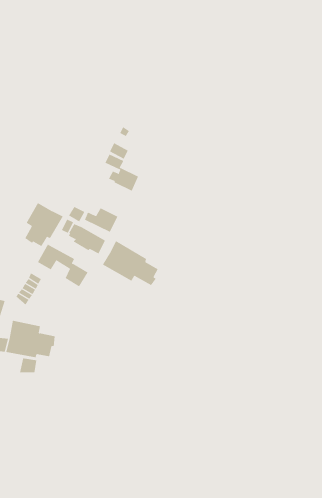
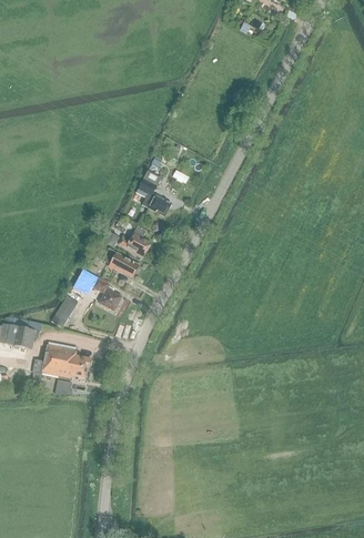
building: [24,202,63,247] -> none
building: [102,240,159,286] -> none

